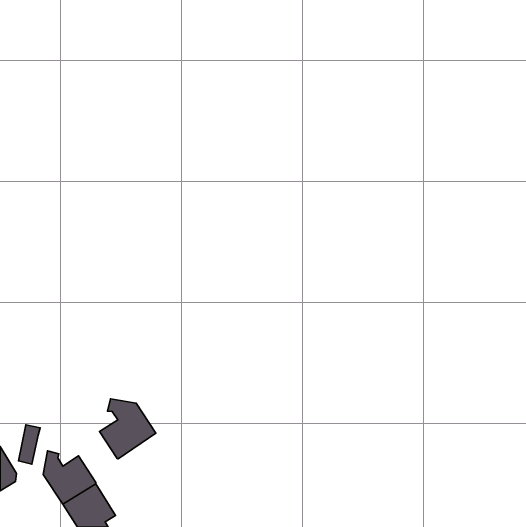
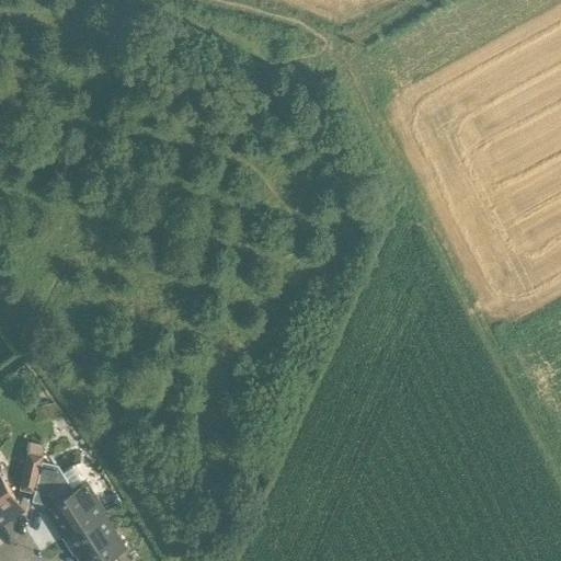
building: [99,399,156,459] -> none
building: none -> [33,462,64,504]

